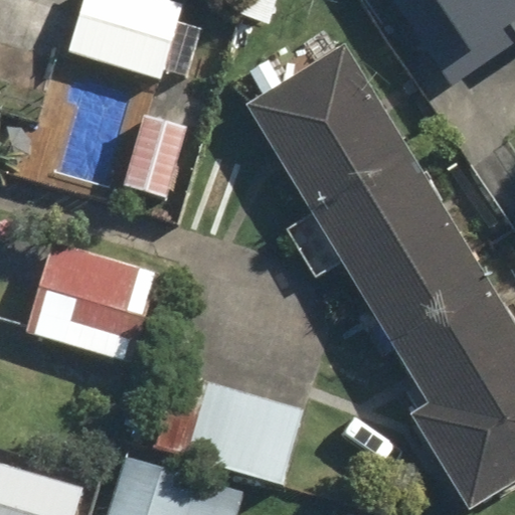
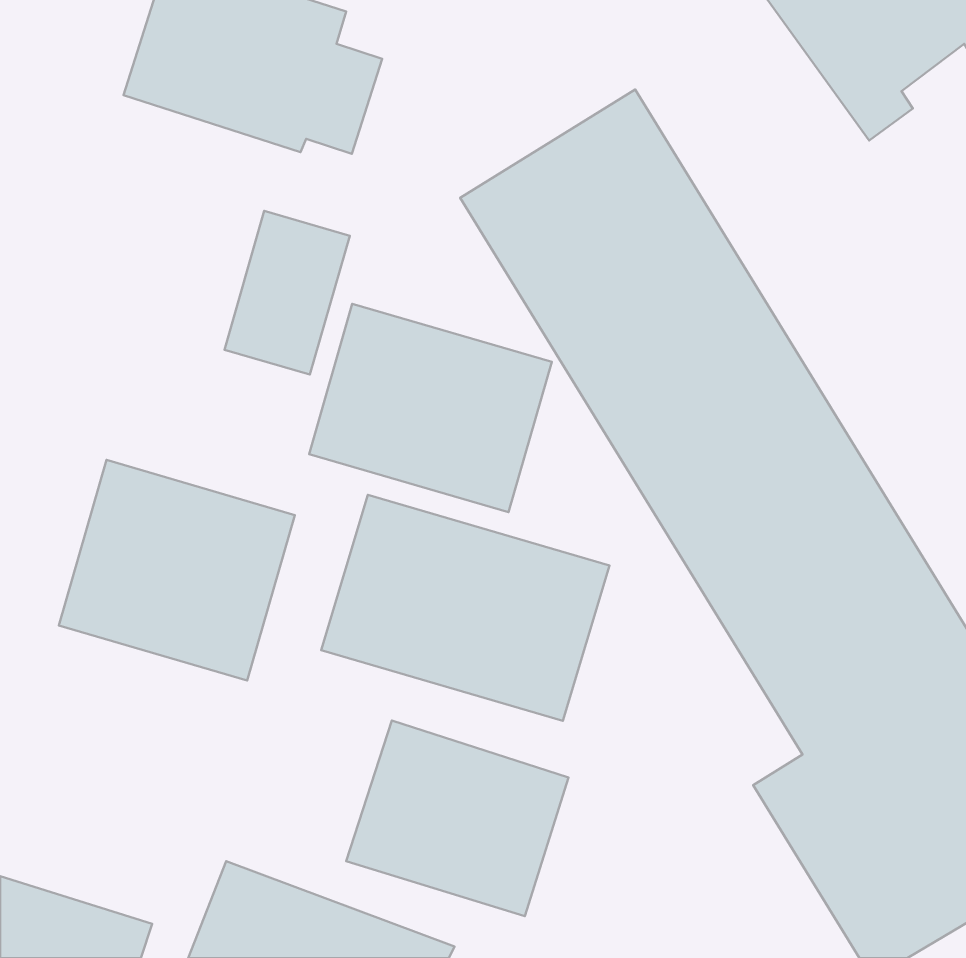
building: none -> [309,304,552,512]
building: none -> [321,495,609,721]

